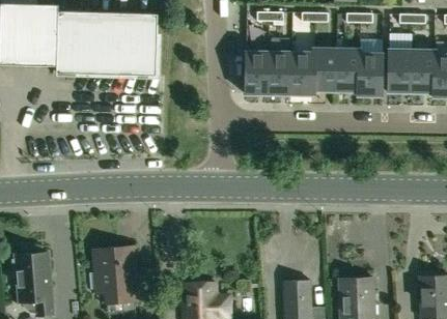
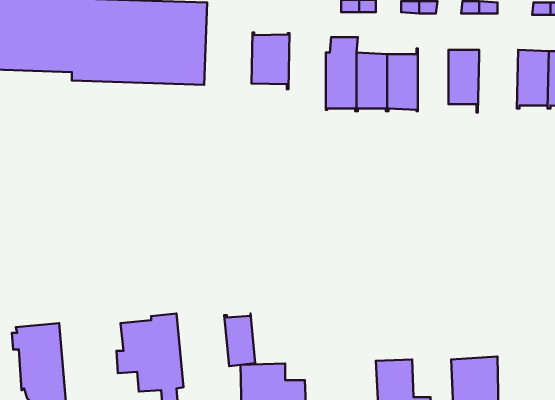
building: none -> [251,33,290,89]
building: [313,48,336,91] -> none
building: [358,53,382,96] -> none
building: none -> [224,313,255,366]

